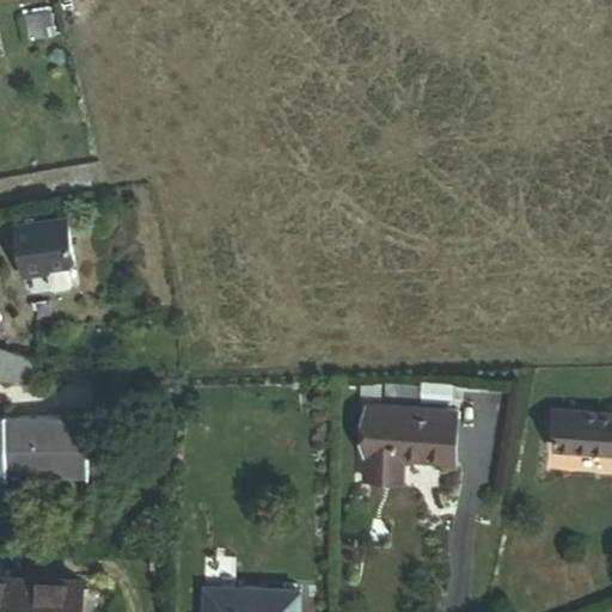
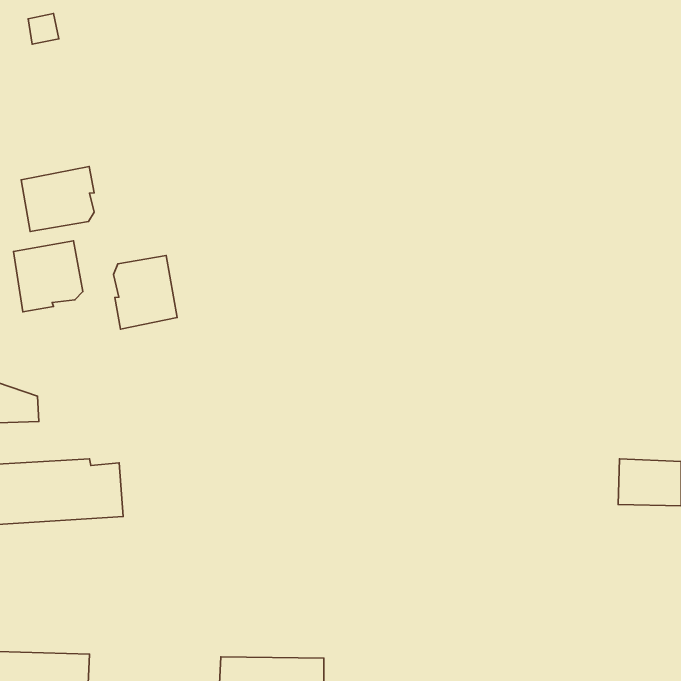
building: none -> [21,167,94,231]
building: none -> [113,256,177,329]
building: [363,406,454,481] -> none

